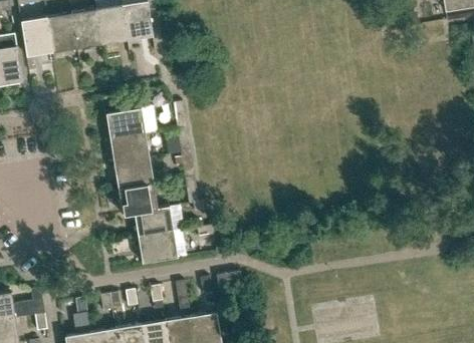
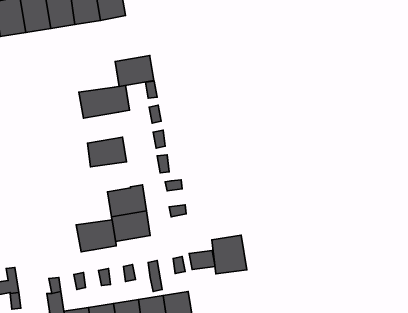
building: [109,132,149,163] -> [115,55,154,86]
building: [116,183,157,215] -> [76,220,116,252]
building: none -> [212,235,247,274]

